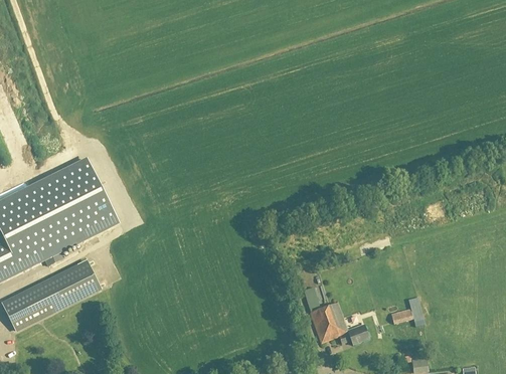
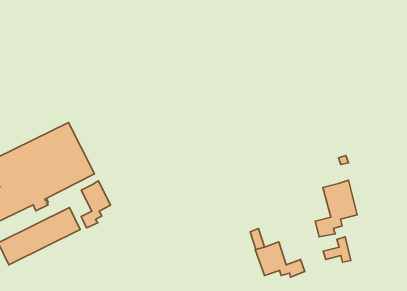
building: none -> [315,180,357,237]
building: none -> [81,181,111,228]

